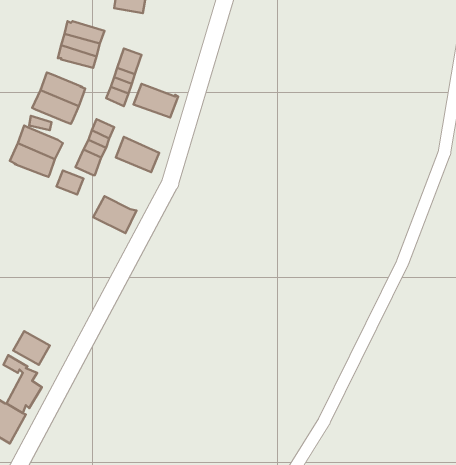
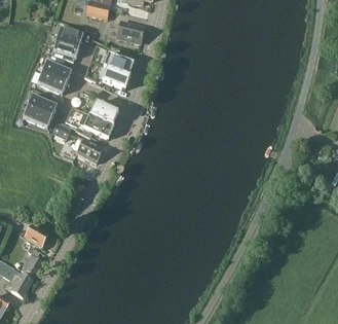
building: none -> [116,22,143,43]
building: none -> [102,53,133,76]
building: none -> [82,115,113,139]

